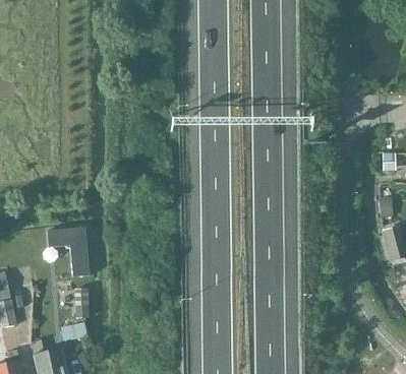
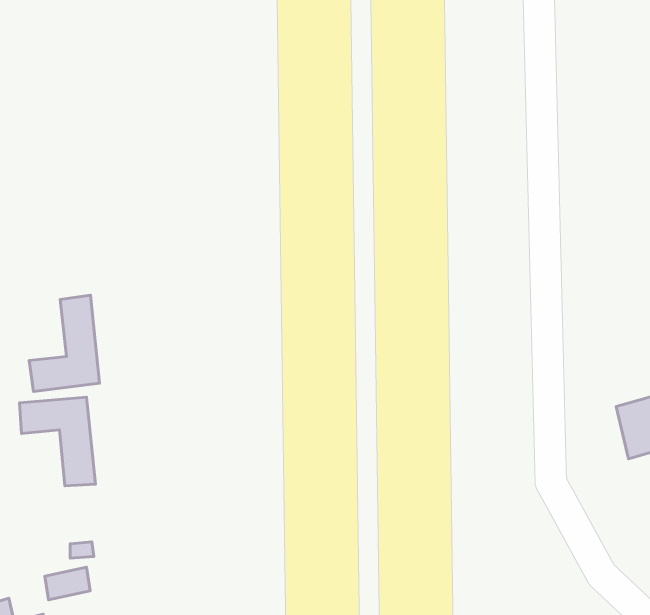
building: none -> [29,295,100,392]

